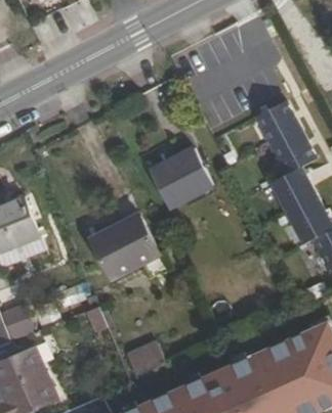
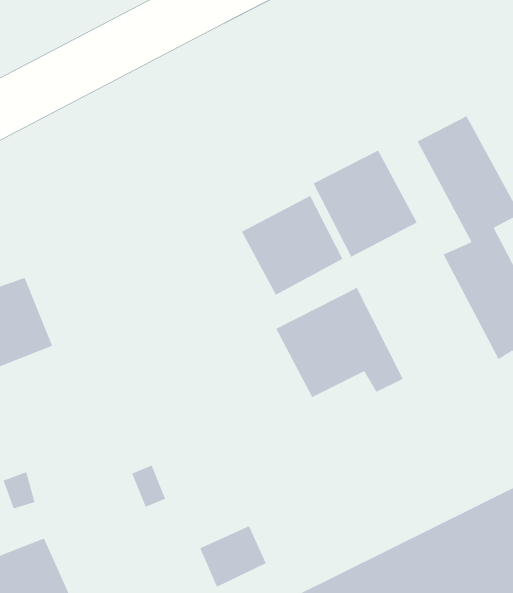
building: none -> [313,150,418,258]
building: [87,214,163,279] -> [275,287,404,398]

